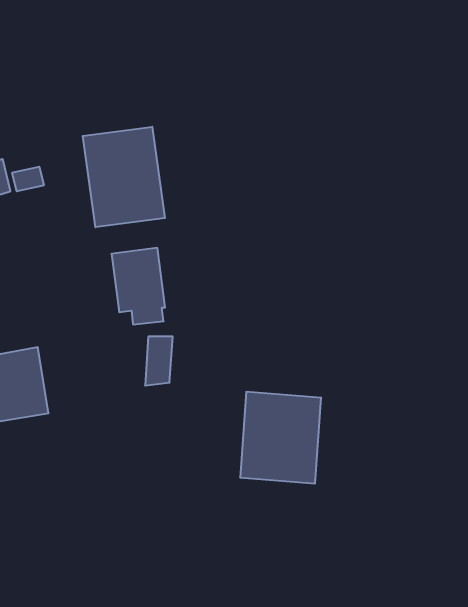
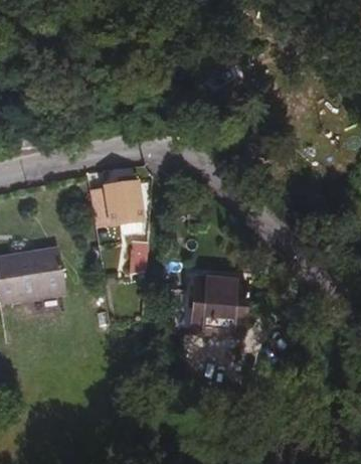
building: [83,127,165,227] -> none

